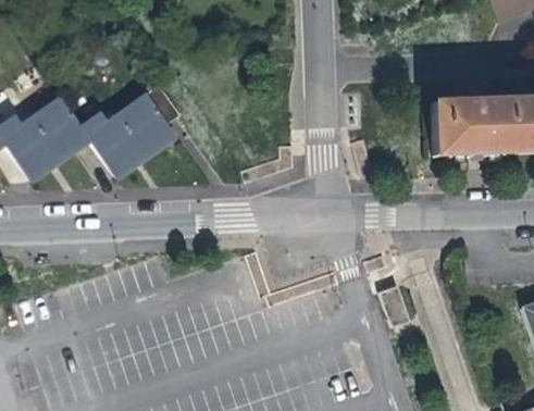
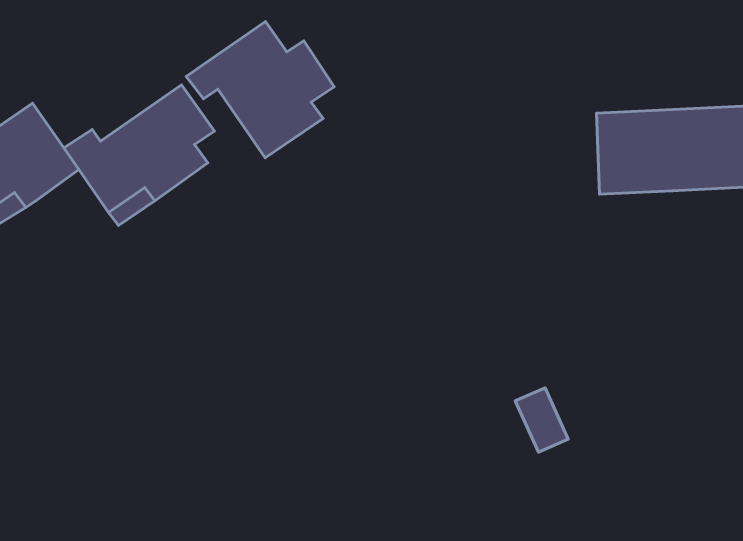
building: none -> [186,21,334,158]

